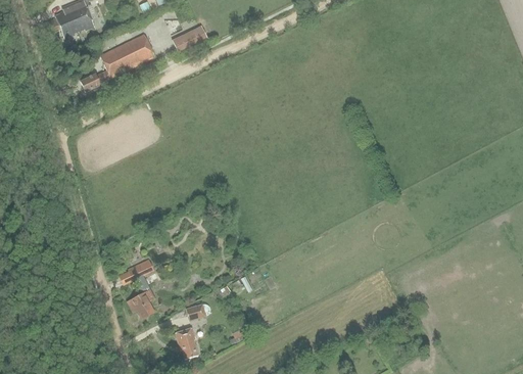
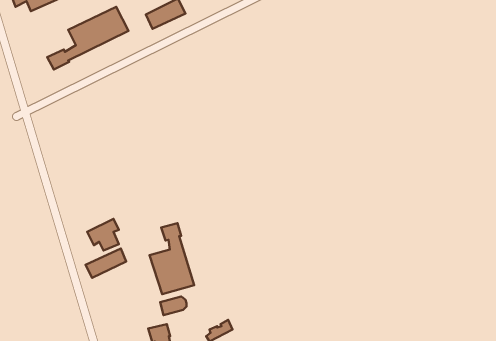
building: none -> [150,223,194,294]
building: [126,288,155,318] -> [87,219,119,251]

